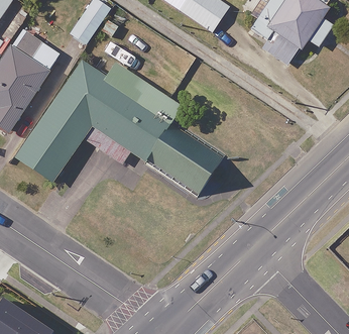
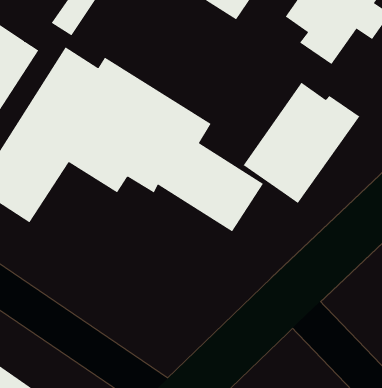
building: none -> [243,82,360,204]

